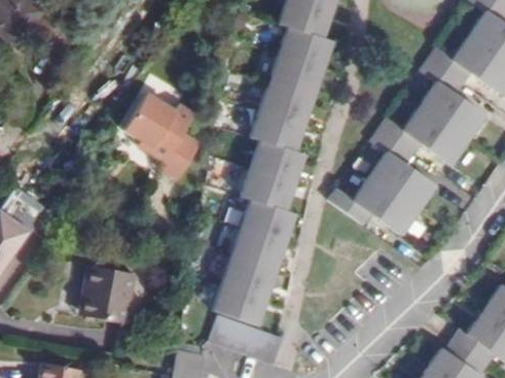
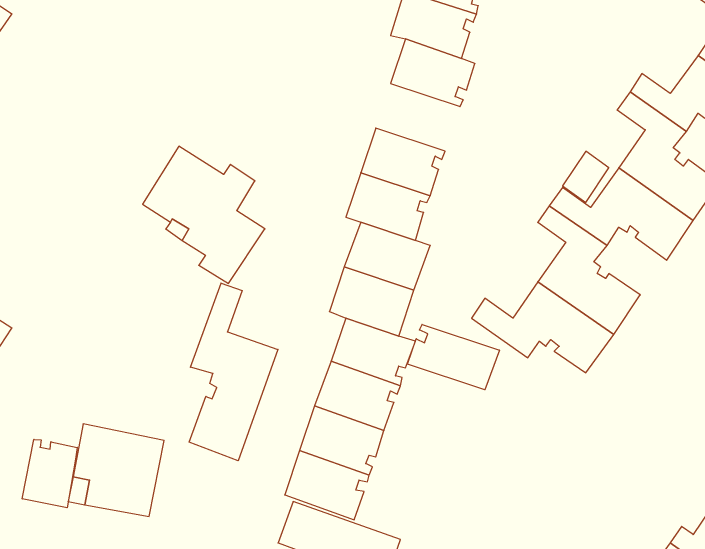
building: [269,54,322,96] -> none
building: none -> [189,283,278,461]
building: none -> [408,324,499,390]
building: none -> [22,439,77,508]

